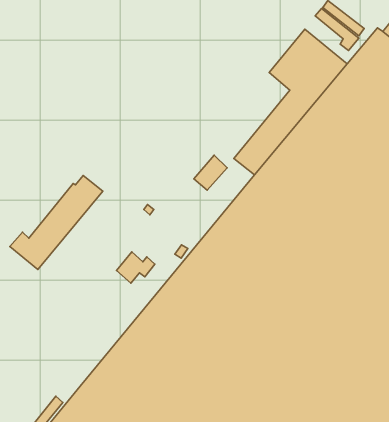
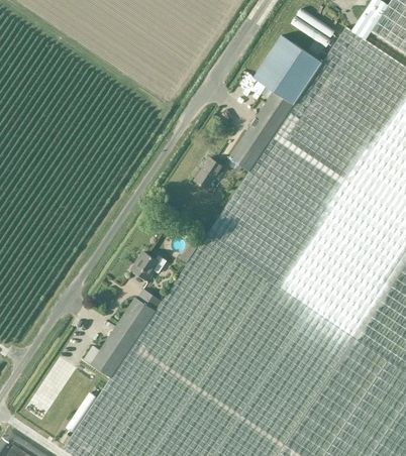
building: [10,176,103,269] -> [84,291,163,379]

